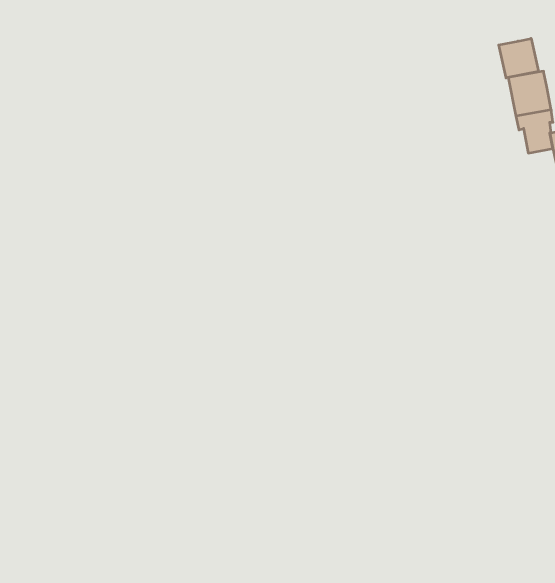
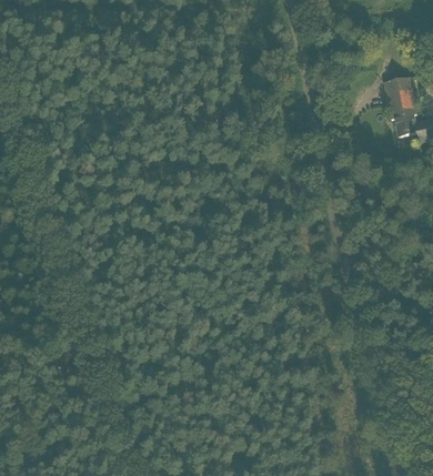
building: [499,38,538,78] -> none

